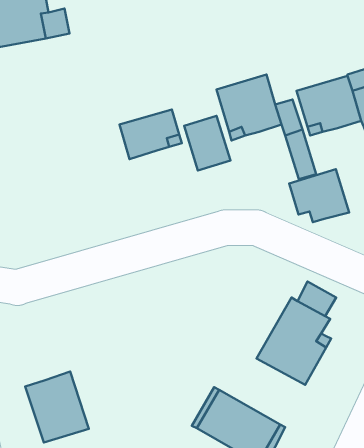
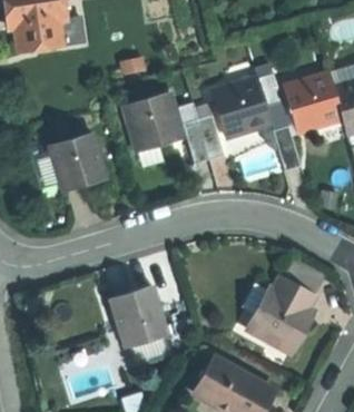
building: none -> [50,131,106,188]
building: [289,169,349,222] -> none
building: [25,372,89,443] -> [110,282,167,345]

